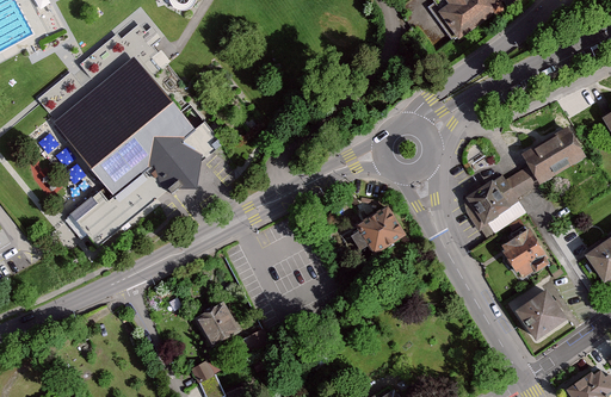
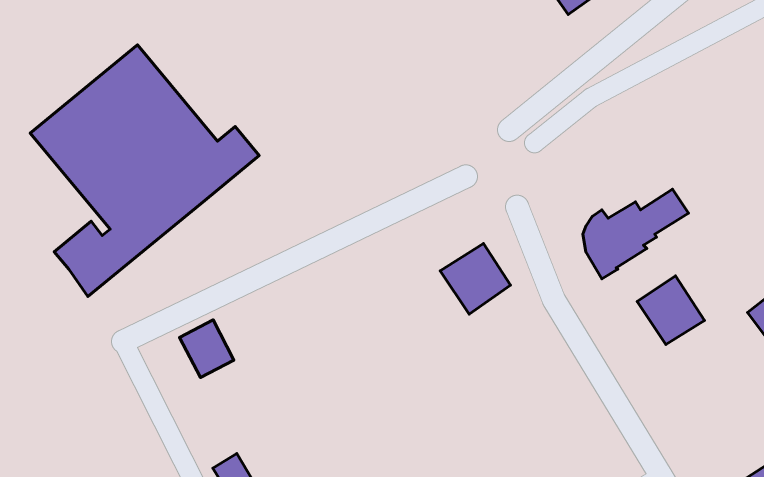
building: [524,129,585,182] -> none
building: [519,291,568,339] -> none
building: [197,302,237,345] -> [180,320,234,378]

